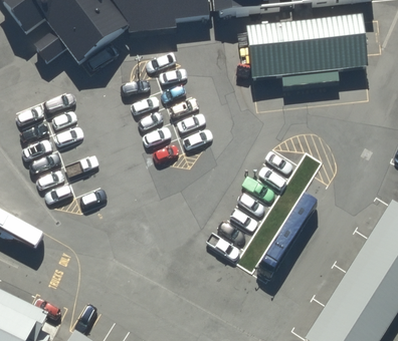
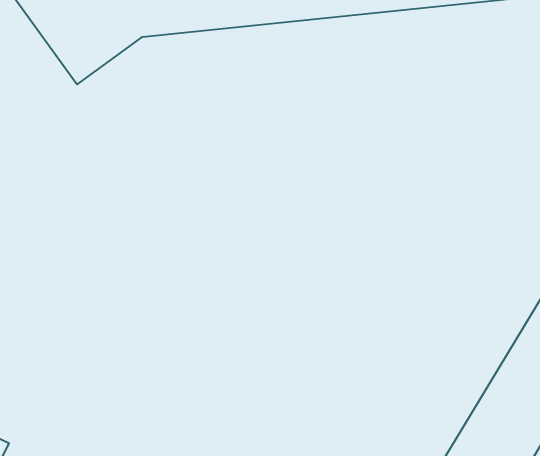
building: [255,19,379,77] -> none

